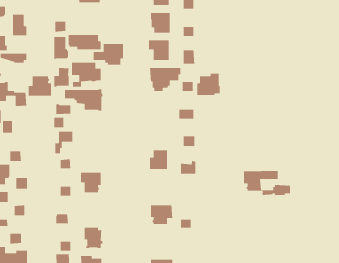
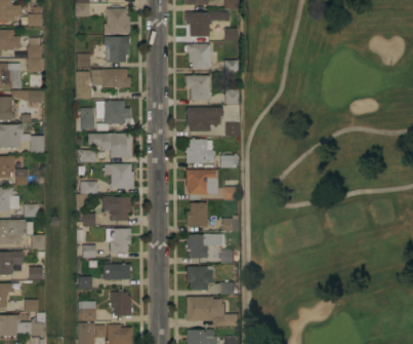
building: [93,43,124,65] -> [92,36,128,62]
building: [197,73,220,96] -> [185,136,213,162]
building: [28,75,52,96] -> none
building: none -> [104,163,133,188]
building: none -> [185,169,217,199]
building: none -> [102,195,130,221]
building: [243,170,291,196] -> [185,233,241,263]
building: none -> [102,264,130,285]
building: none -> [185,296,239,326]

